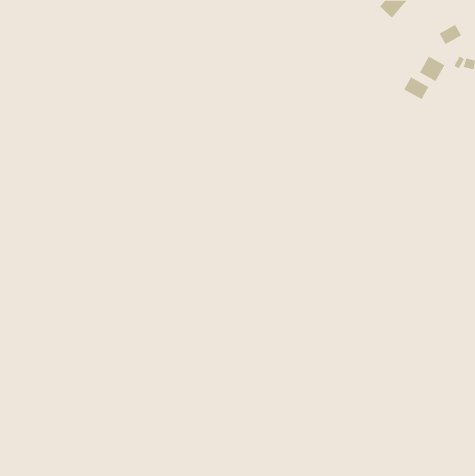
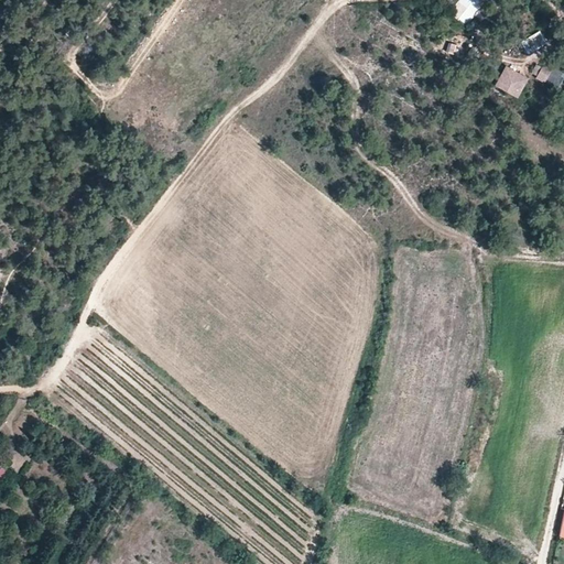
building: [403,77,429,100] -> none

